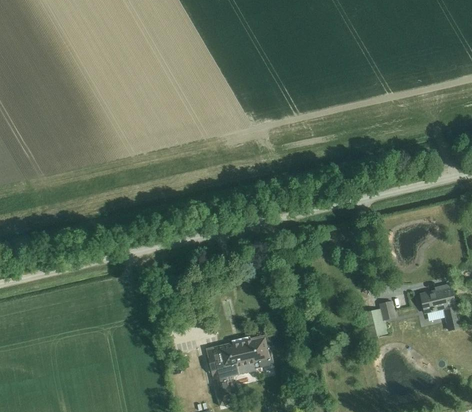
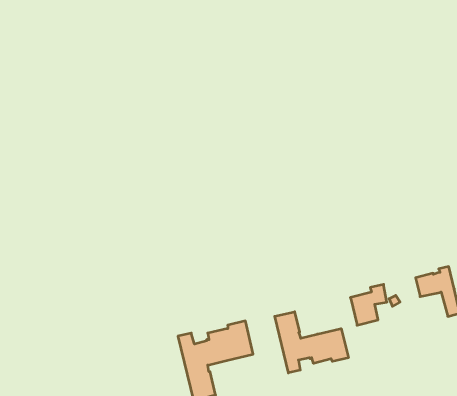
building: none -> [275,312,348,373]

